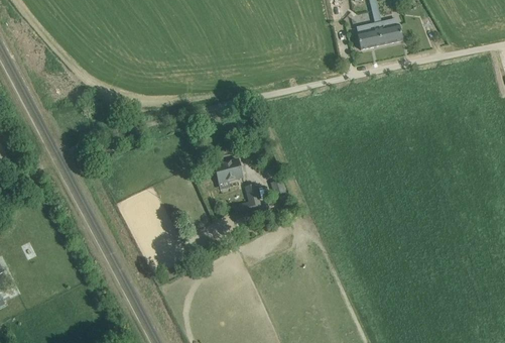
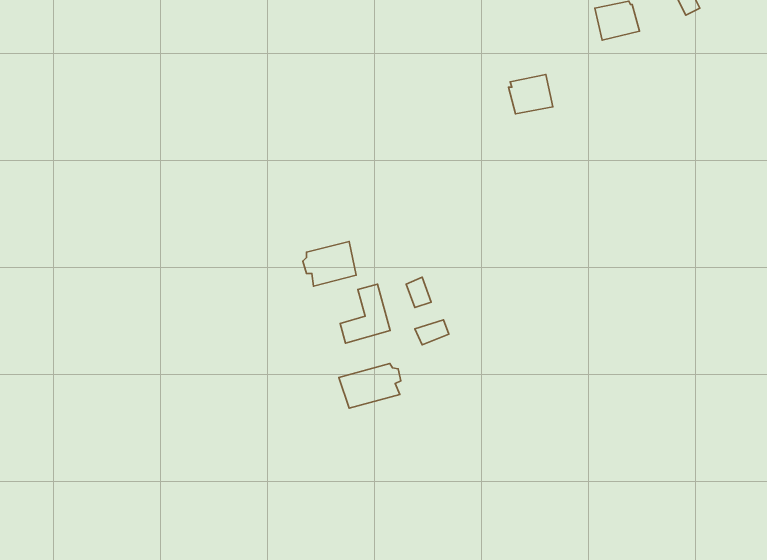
building: [357,25,382,47] -> [508,75,553,114]
building: none -> [339,364,401,408]

